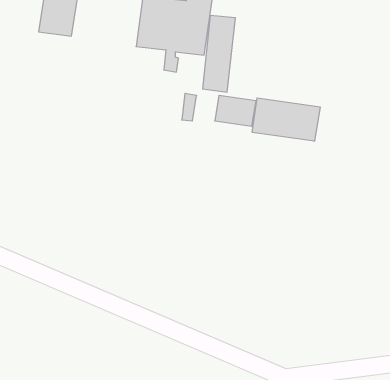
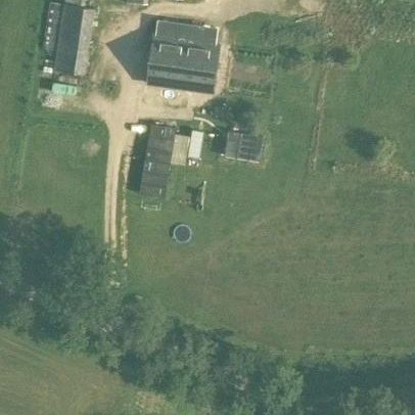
building: [203,16,235,92] -> [143,122,175,195]
building: [252,98,320,141] -> none

